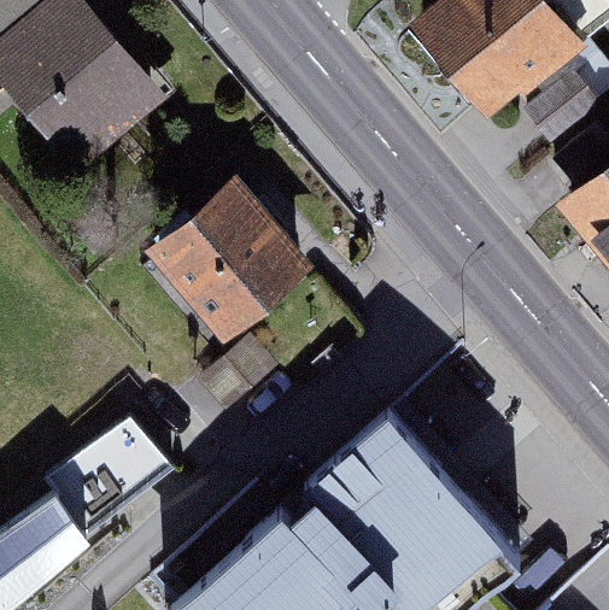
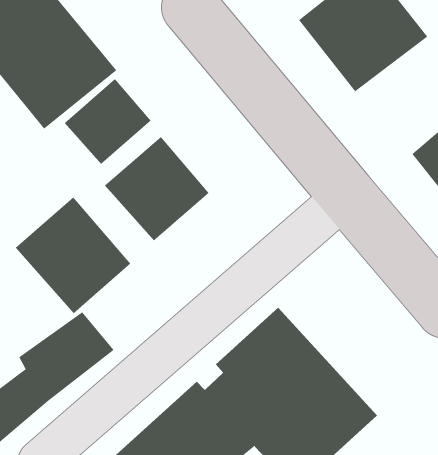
building: none -> [64,78,151,165]
building: none -> [15,197,131,314]

